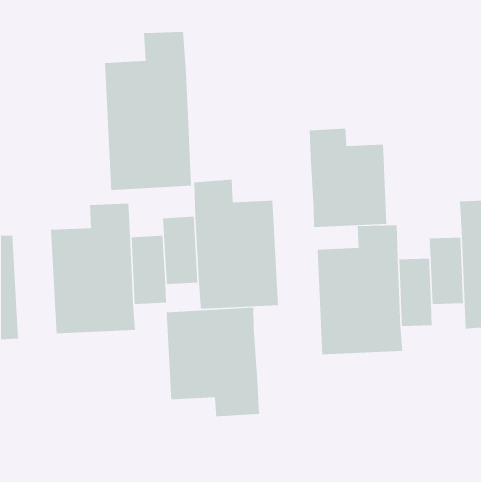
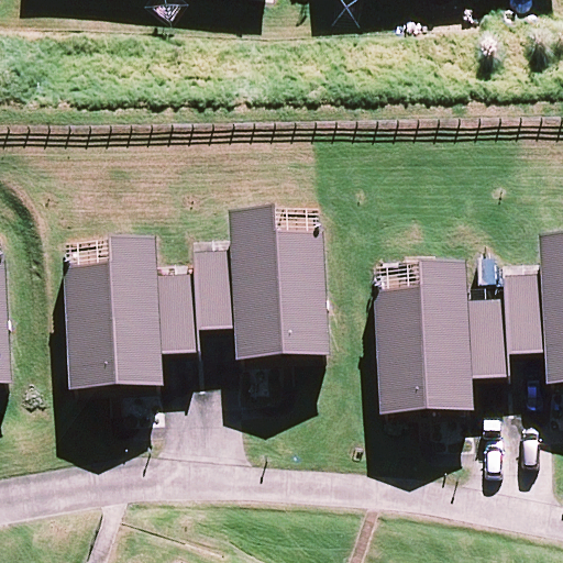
building: [104,31,192,191] -> none
building: [309,128,387,228] -> none
building: [166,307,259,417] -> none

